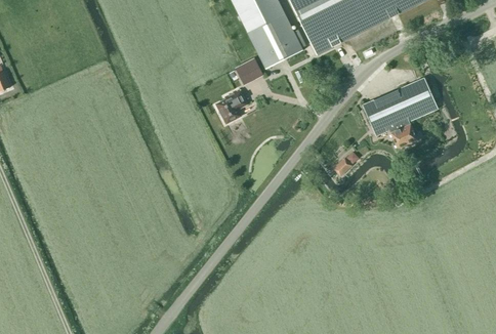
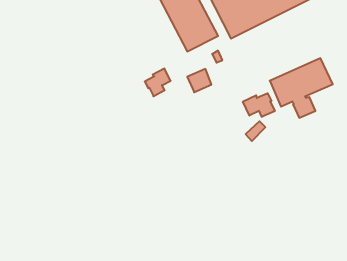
building: [236,58,264,86] -> [187,69,211,92]
building: none -> [243,93,275,117]

